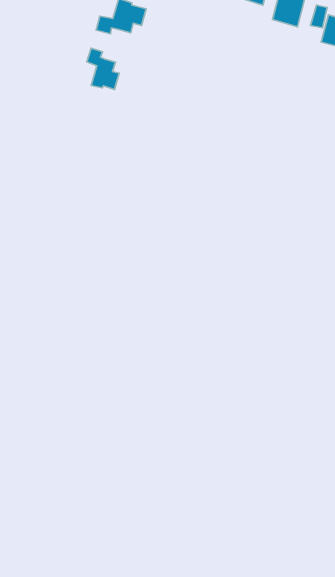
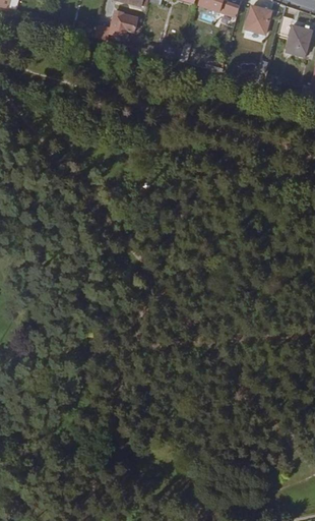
building: [87,48,119,90] -> none

